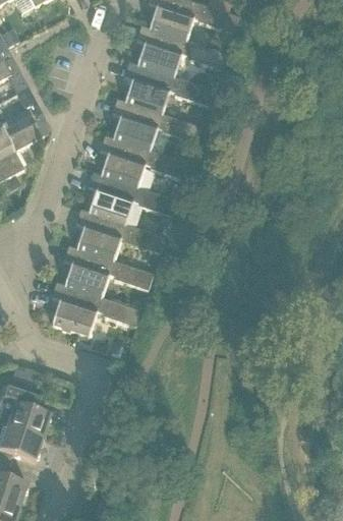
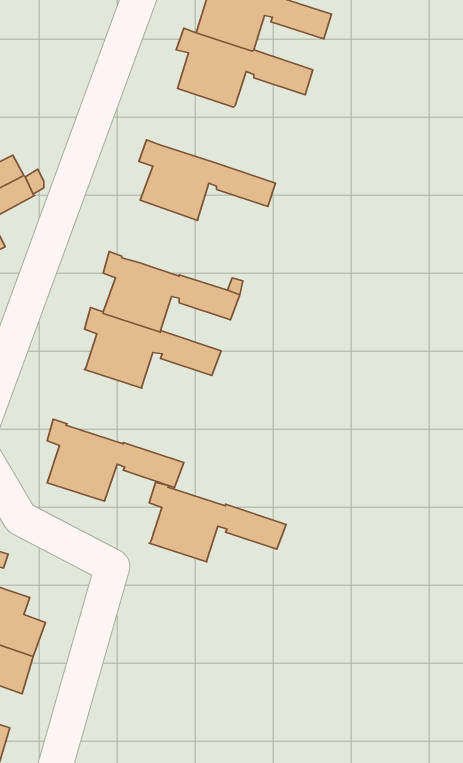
building: [123,61,213,113] -> none
building: [99,134,188,187] -> none
building: [63,245,153,297] -> [149,483,286,562]

